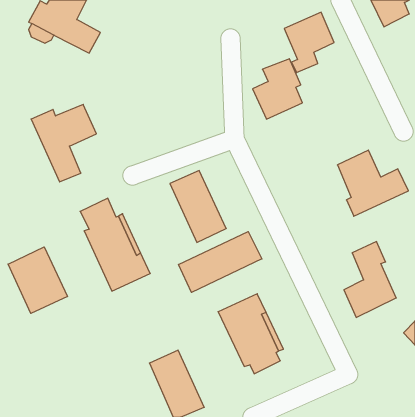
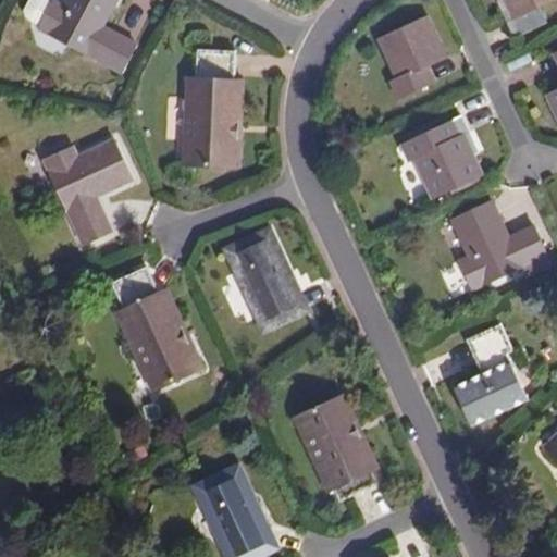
building: none -> [183,48,238,165]
building: [253,59,302,119] -> [413,117,480,198]
building: [179,232,262,292] -> none
building: [8,247,67,313] -> none

